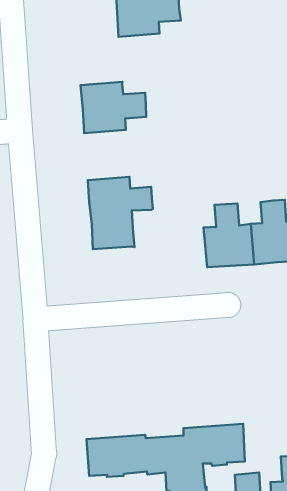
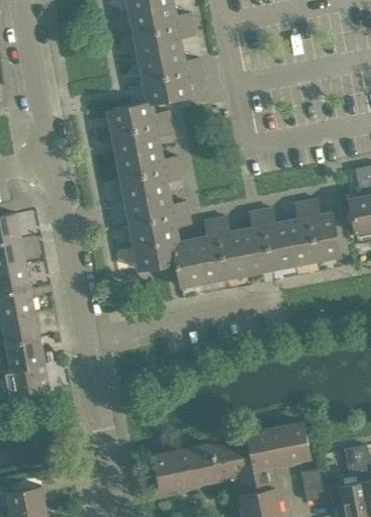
building: none -> [137,51,205,105]
building: none -> [115,149,183,203]
building: none -> [175,217,251,288]

